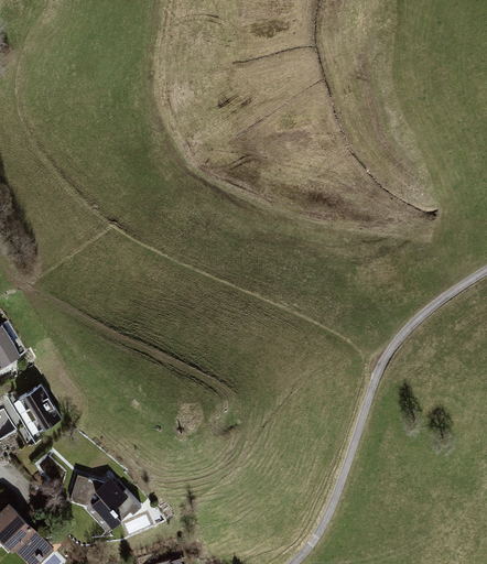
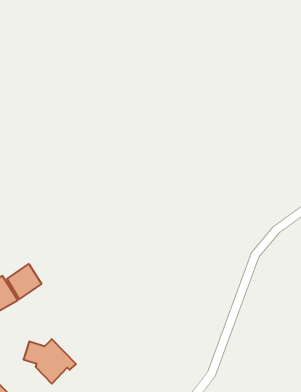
building: none -> [7,264,41,299]

